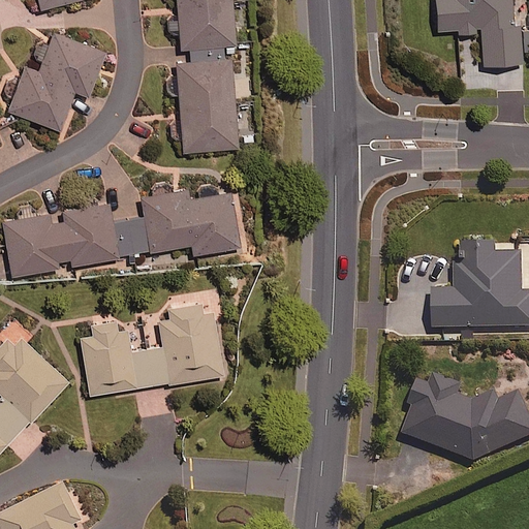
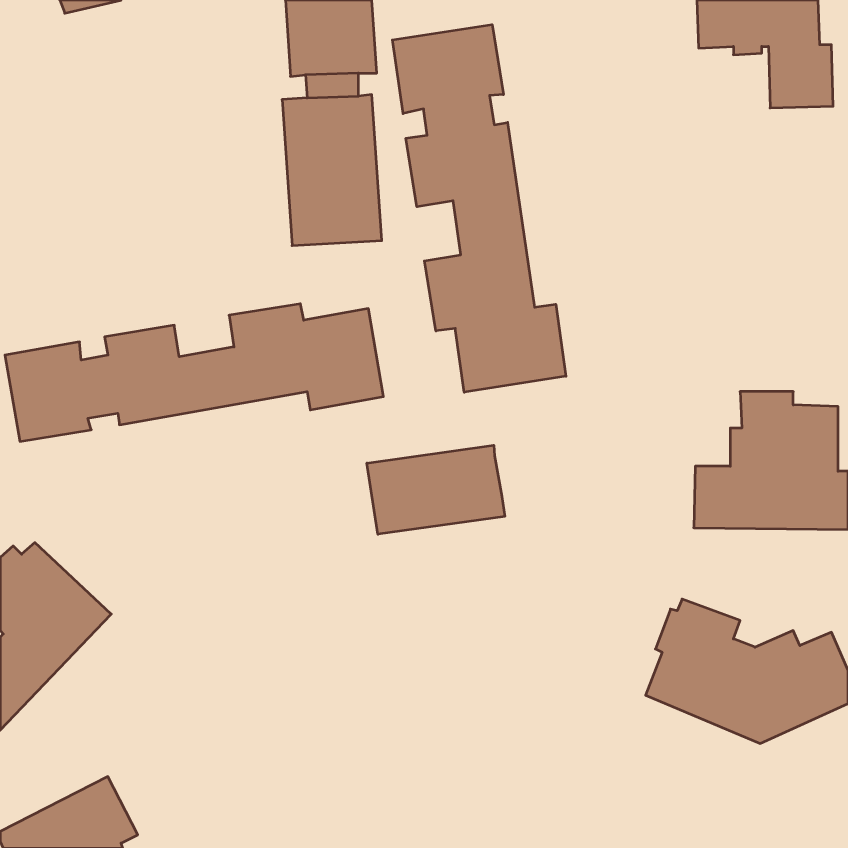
building: none -> [392,25,566,392]
building: [5,32,105,130] -> none
building: none -> [367,445,505,534]
building: [82,303,221,394] -> none

